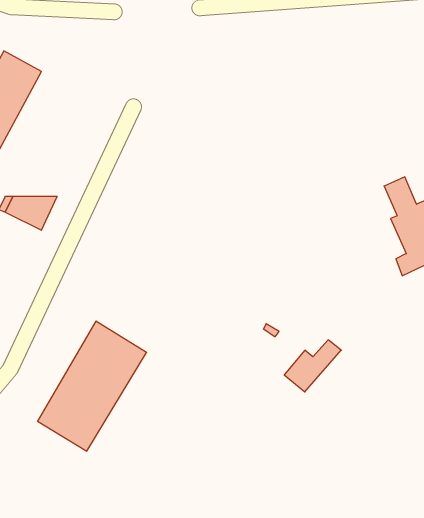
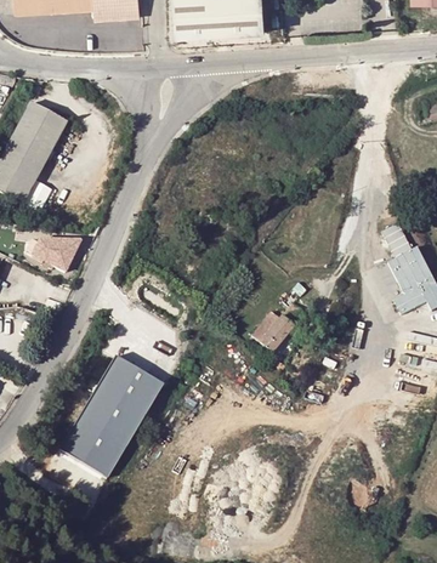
building: [284,340,341,392] -> [251,303,305,352]

